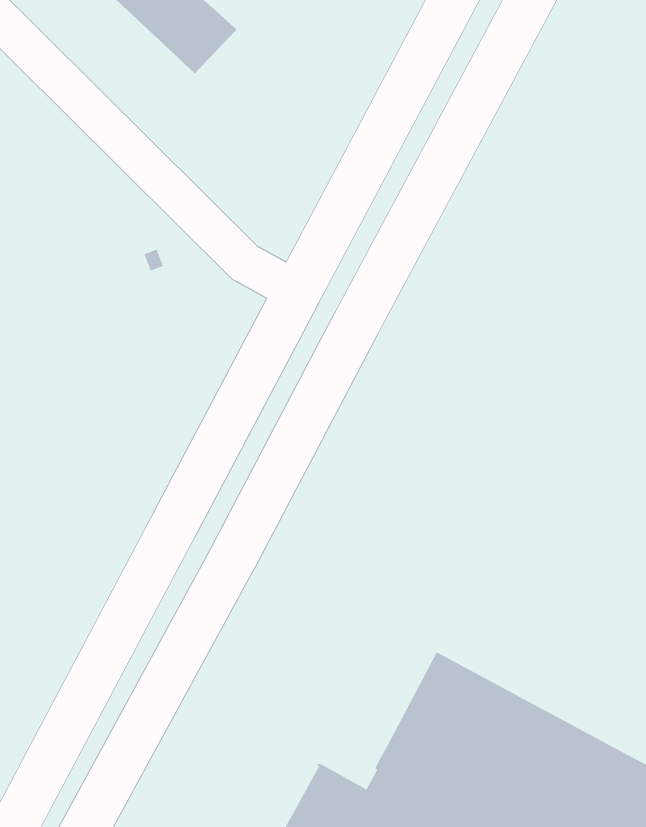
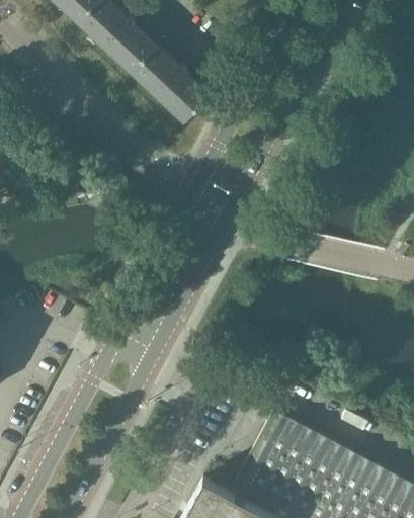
building: none -> [131,44,210,120]

